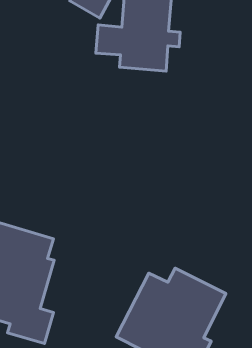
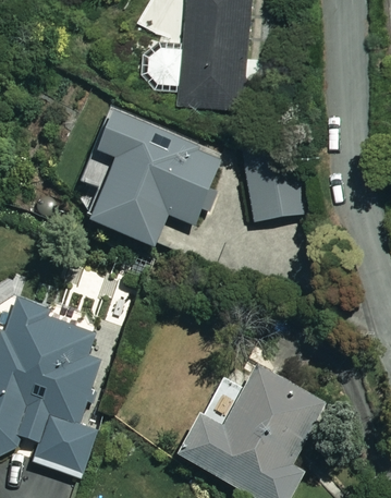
building: none -> [84,116,223,250]
building: none -> [245,154,304,217]

